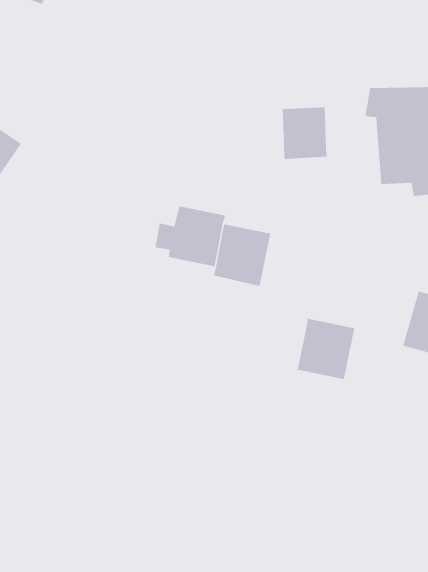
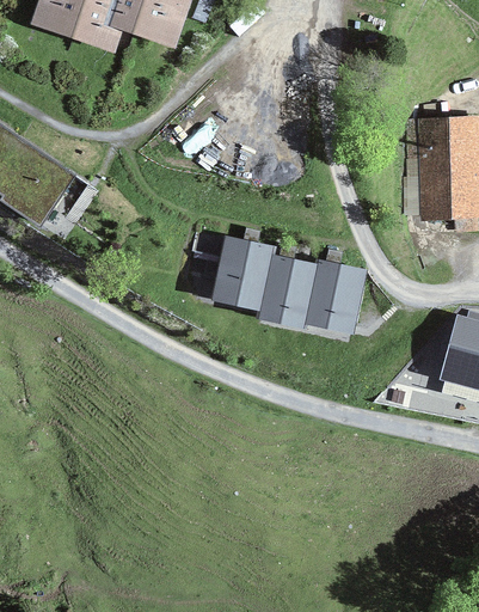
building: [282,107,328,160] -> none
building: [297,318,355,380] -> [303,262,361,323]

